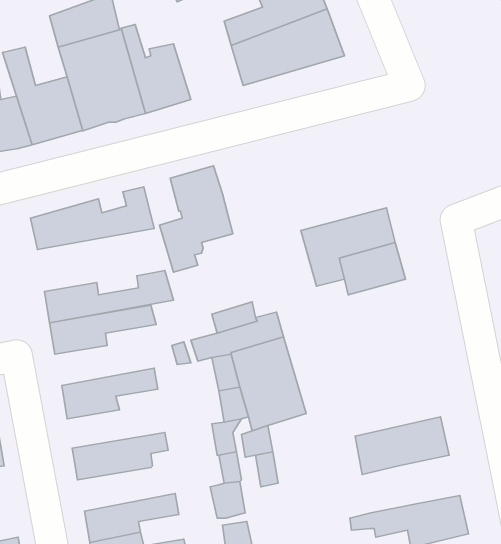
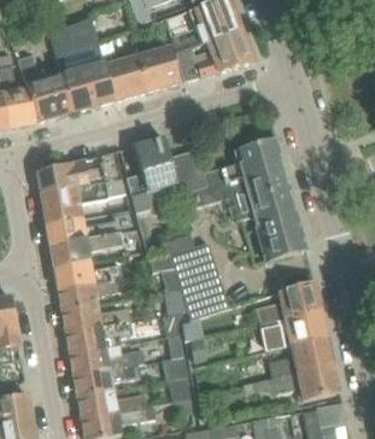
building: none -> [135,46,178,90]
building: none -> [169,139,282,193]
building: none -> [41,180,125,223]
building: none -> [256,215,305,259]
building: none -> [53,261,122,288]
building: none -> [257,280,320,323]
building: none -> [61,305,129,332]
building: none -> [268,336,333,376]
building: none -> [69,345,145,375]

